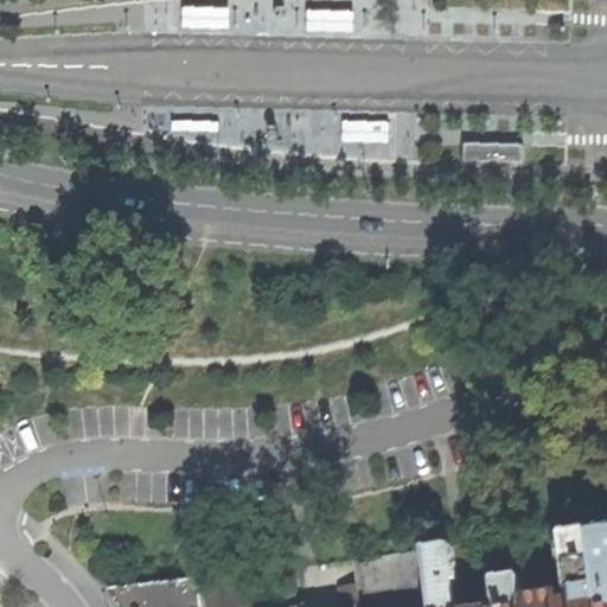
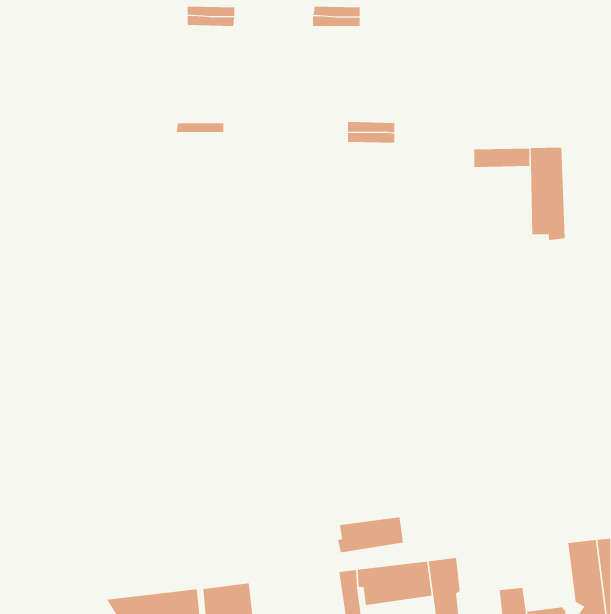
building: none -> [530,147,565,241]
building: none -> [337,516,404,553]

